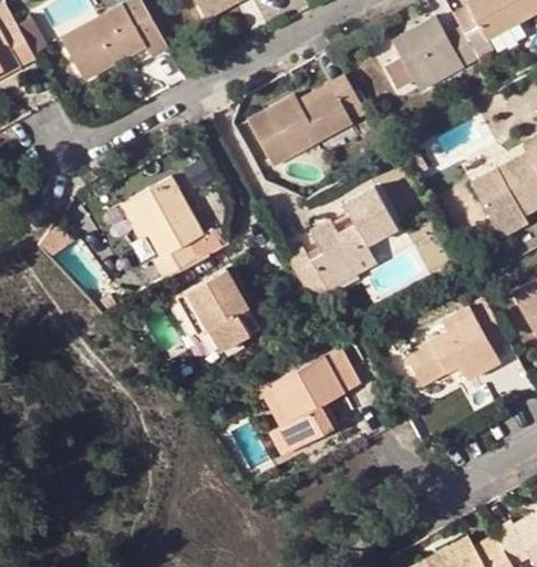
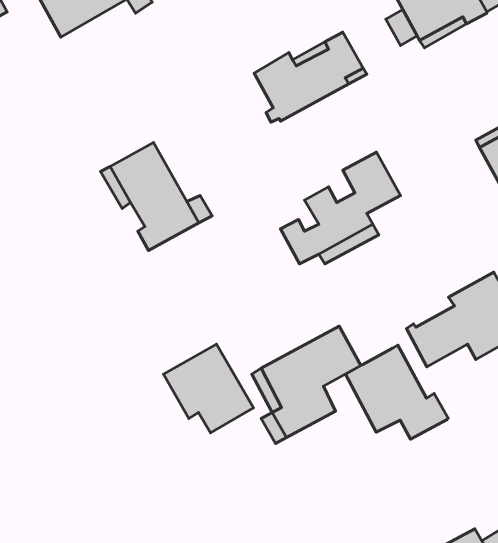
building: [176,268,259,350] -> [164,344,254,433]
building: none -> [345,345,448,439]

